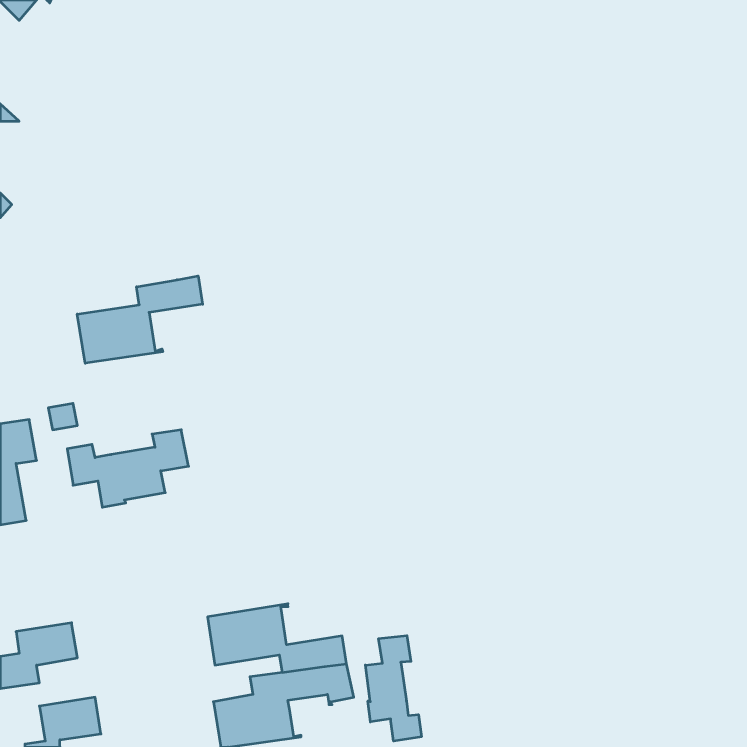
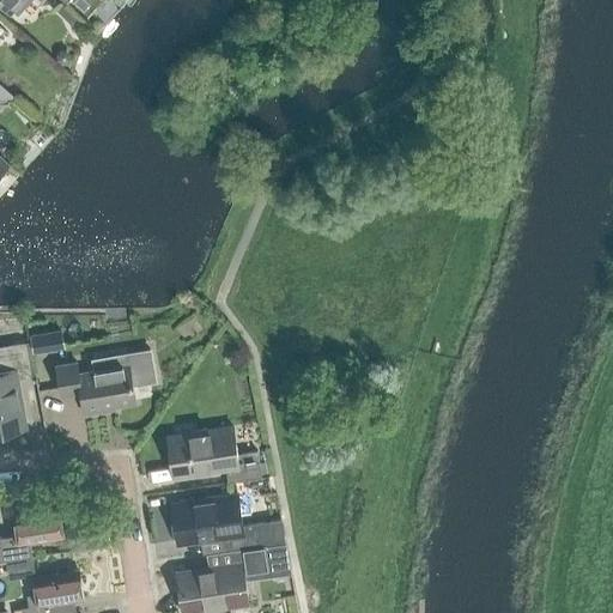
building: [77,276,203,363] -> none
building: none -> [165,427,261,482]
building: [365,636,421,741] -> none

